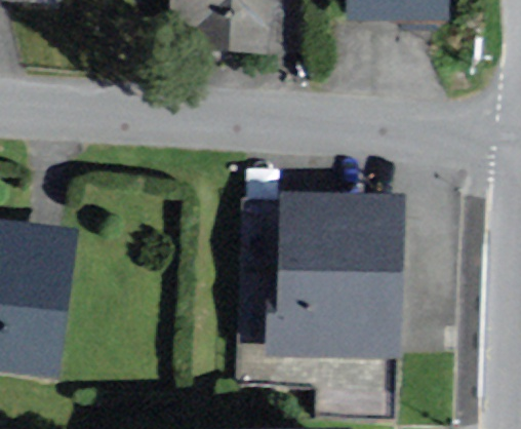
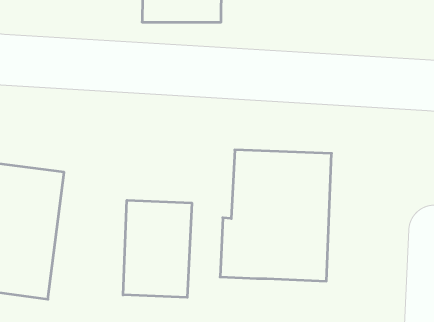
building: none -> [123,200,192,297]

